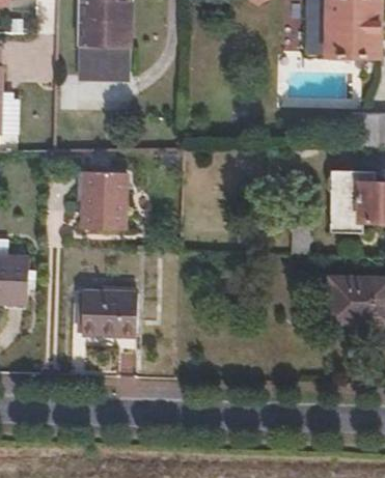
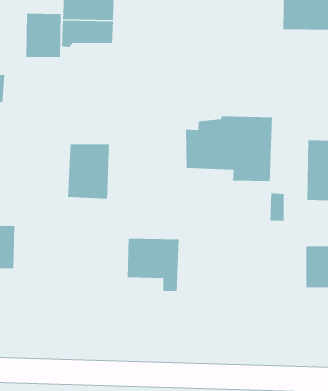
building: none -> [25,13,62,58]
building: none -> [185,115,273,182]
building: [82,292,137,348] -> [127,238,180,292]

